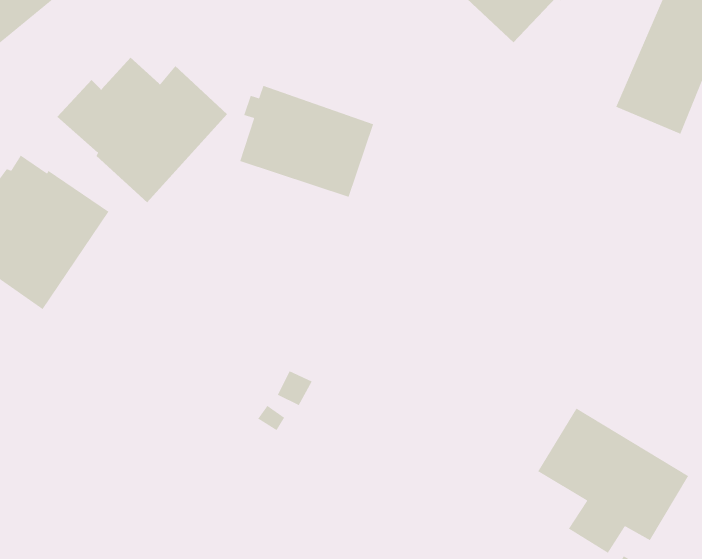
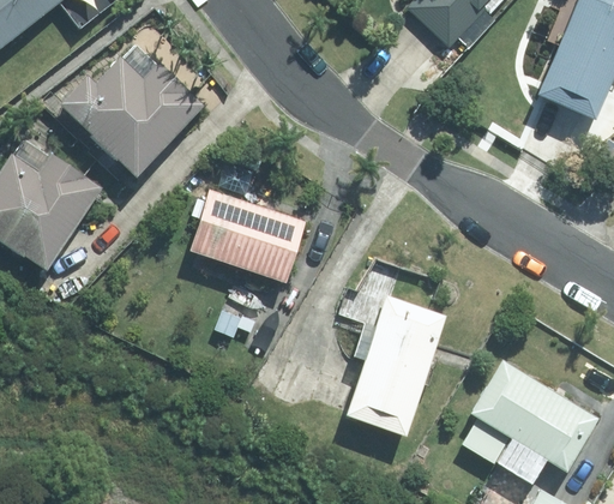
building: [239,85,374,198] -> [188,187,305,284]
building: none -> [343,290,446,439]

